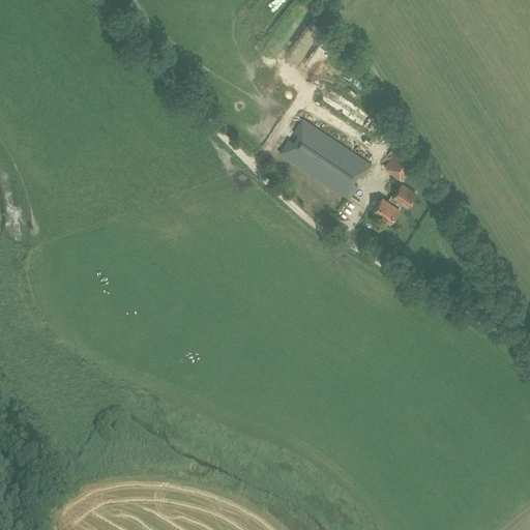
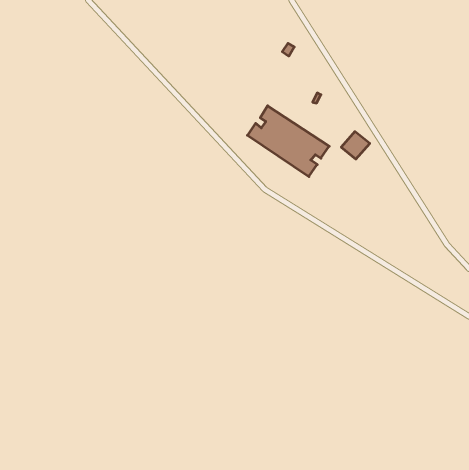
building: [372,183,416,222] -> none

